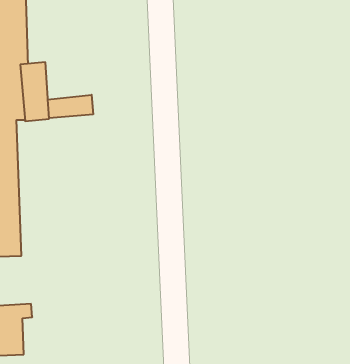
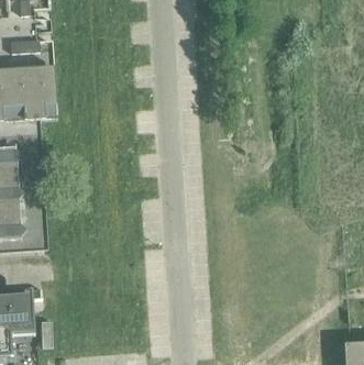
building: [48,95,93,118] -> none

